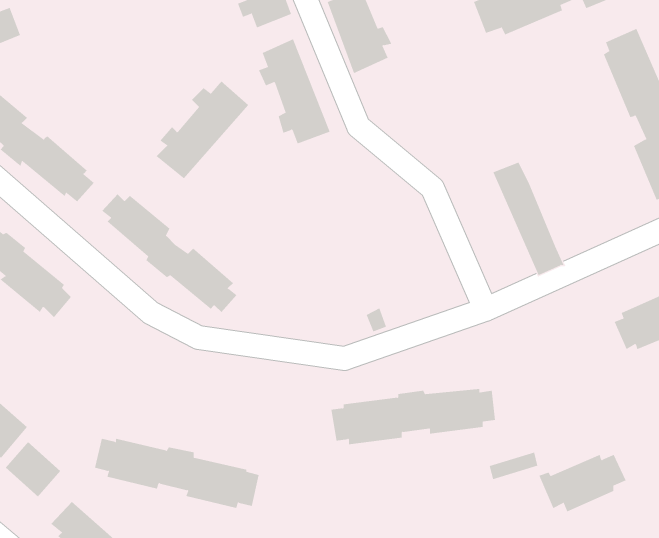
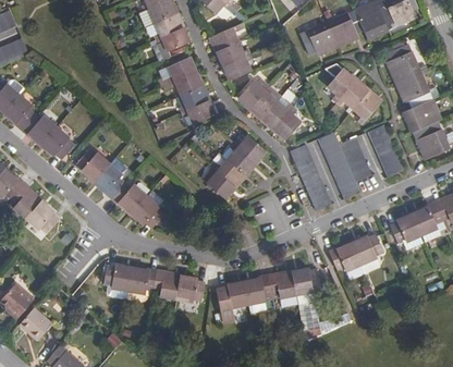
building: none -> [330,71,382,124]
building: [156,81,249,179] -> [211,138,269,199]
building: none -> [240,82,303,140]
building: none -> [368,127,403,180]
building: none -> [341,138,372,184]
building: none -> [290,144,333,215]
building: [94,438,260,508] -> [105,257,207,301]
building: [539,454,627,512] -> [331,241,385,277]

